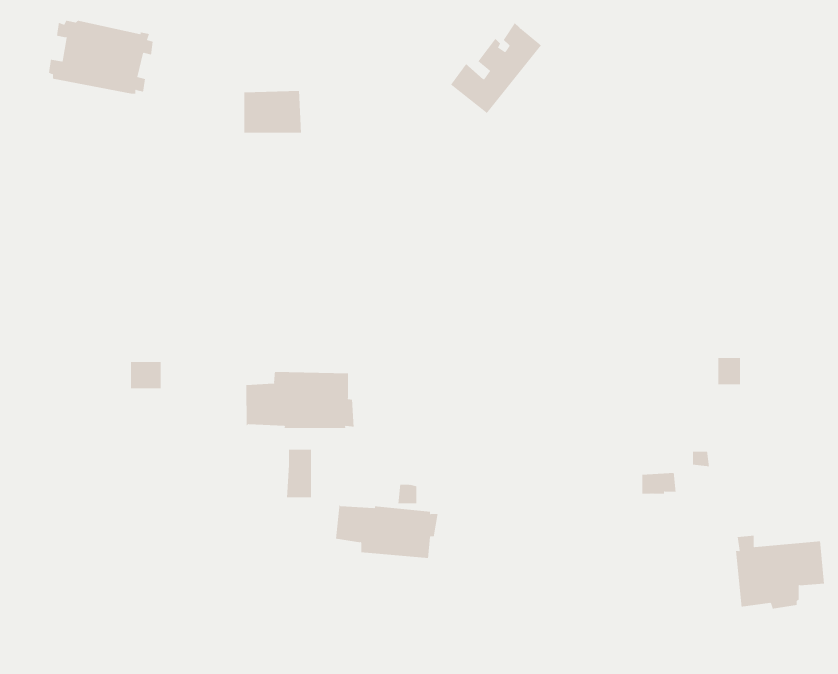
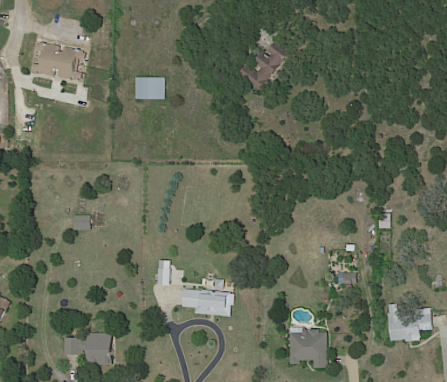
building: [246,371,354,429] -> none
building: none -> [289,328,327,369]
building: none -> [65,333,113,365]

